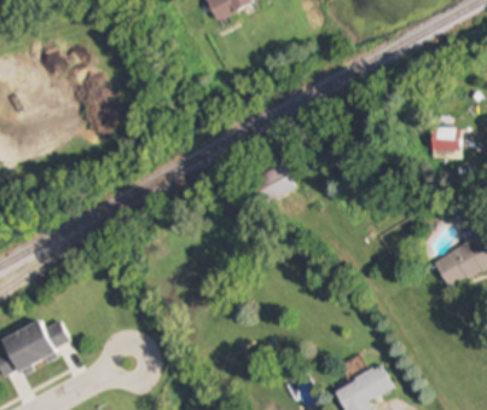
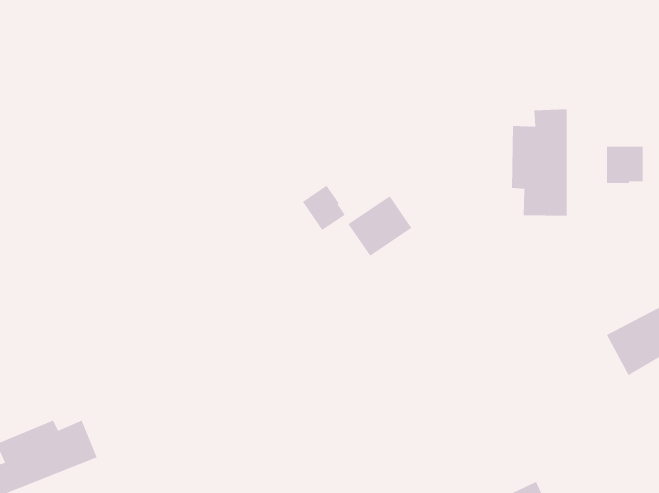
building: none -> [512,108,567,216]
building: none -> [302,185,346,231]

